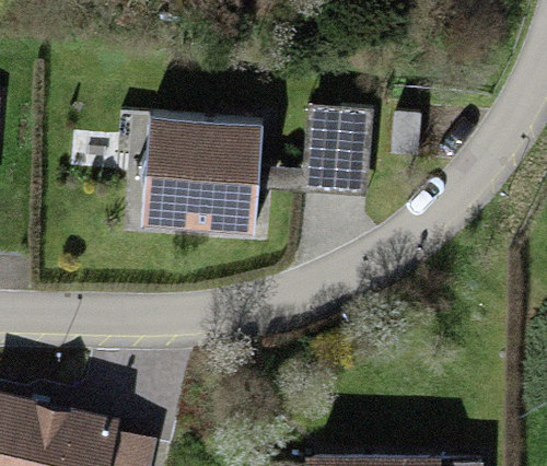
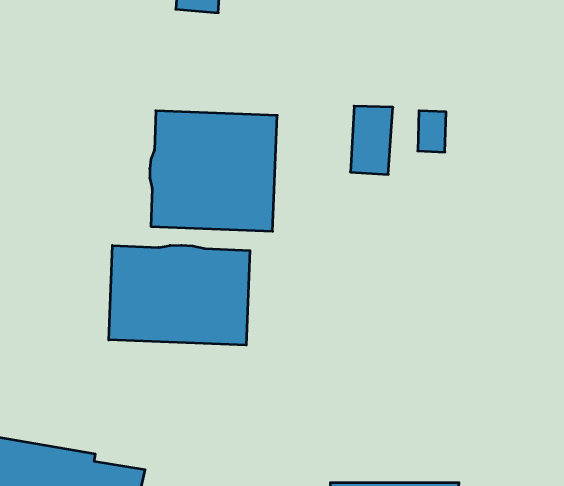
building: none -> [109,245,250,345]

